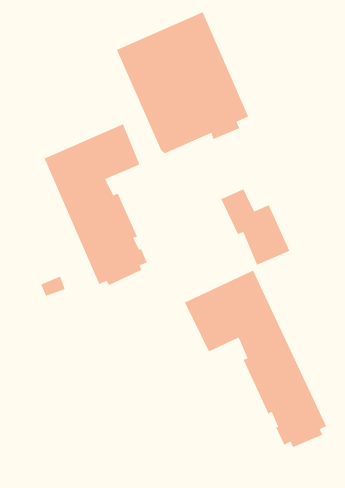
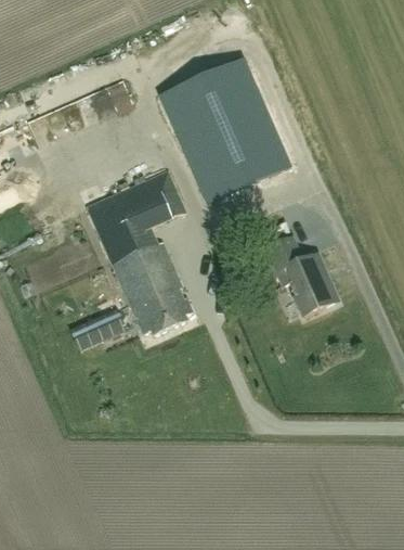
building: [184,269,327,448] -> none

